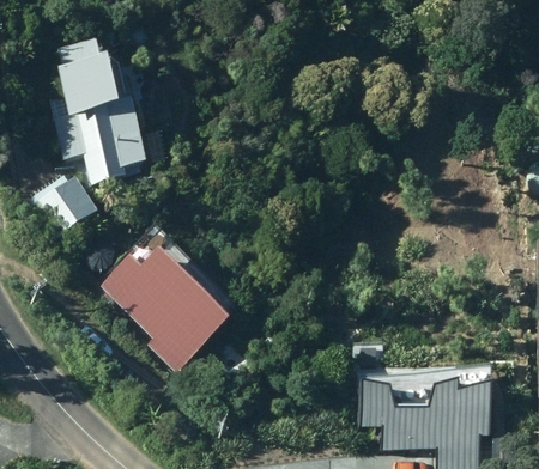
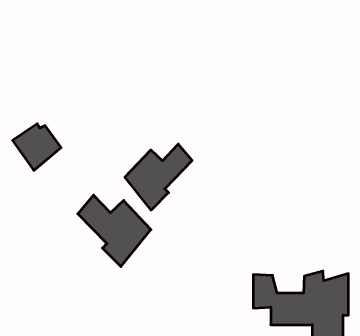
building: [57,37,145,181] -> none
building: none -> [125,144,192,210]

